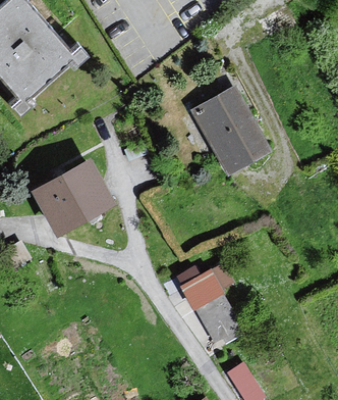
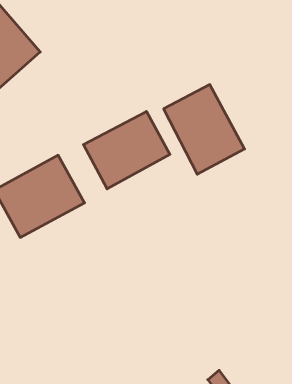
building: none -> [83,111,170,189]
building: [184,262,243,343] -> none

